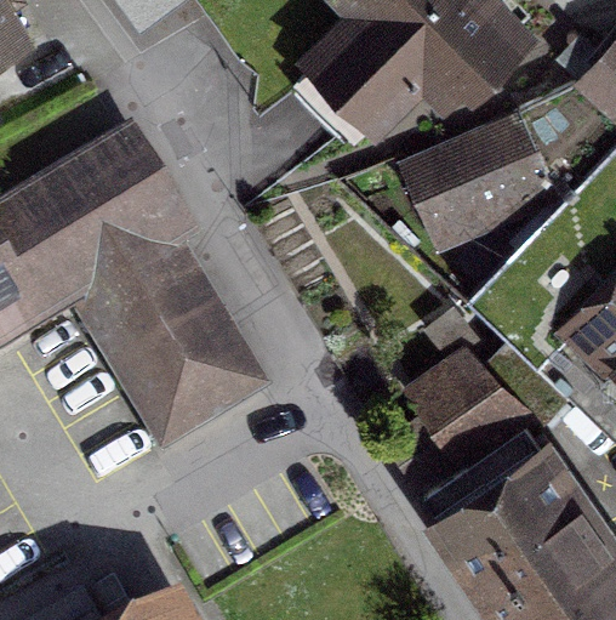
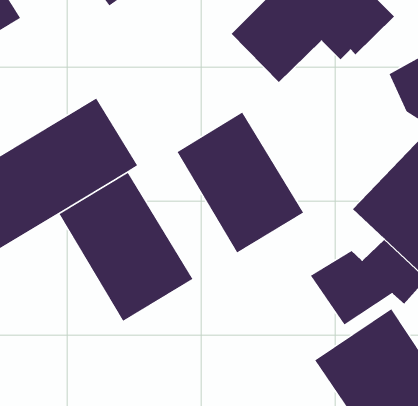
building: [405,113,552,237] -> none
building: none -> [176,111,304,254]

